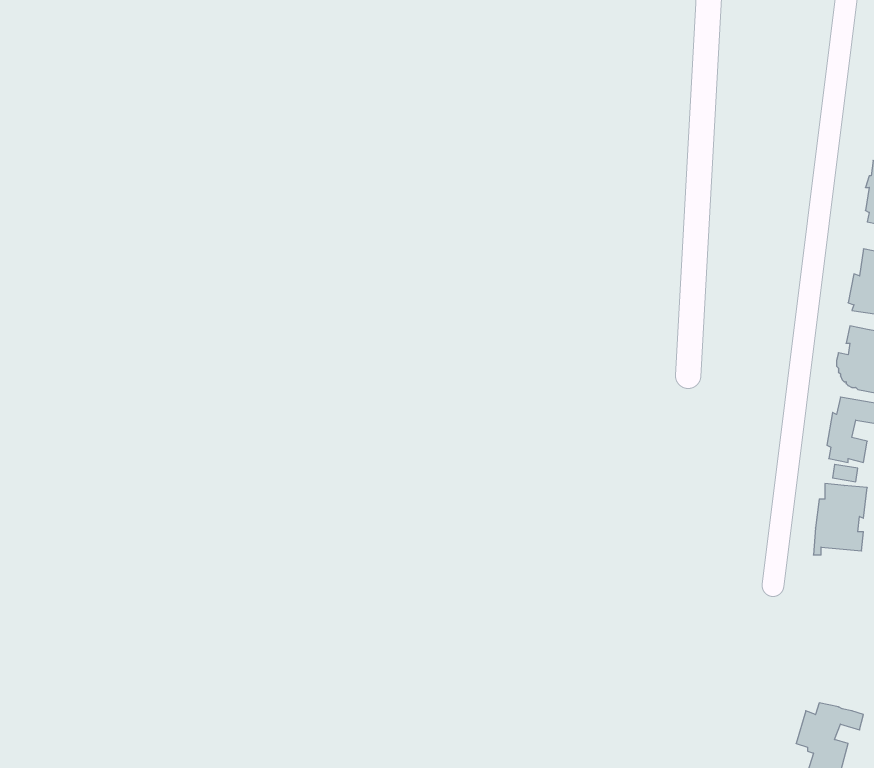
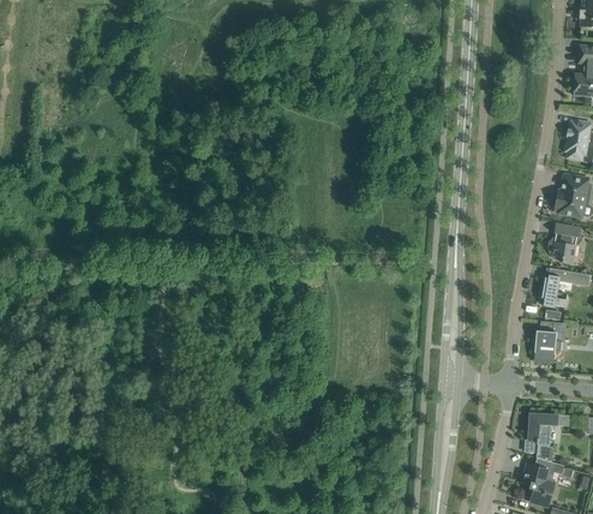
building: none -> [528,413,557,461]

